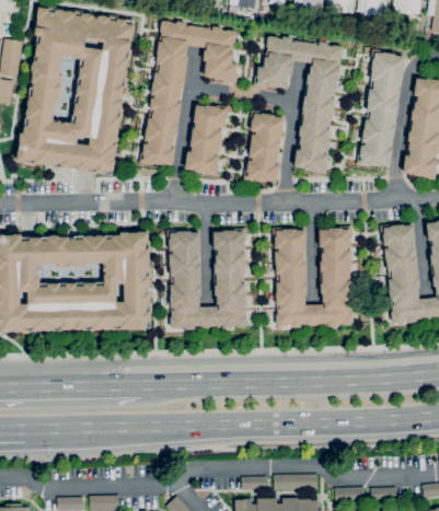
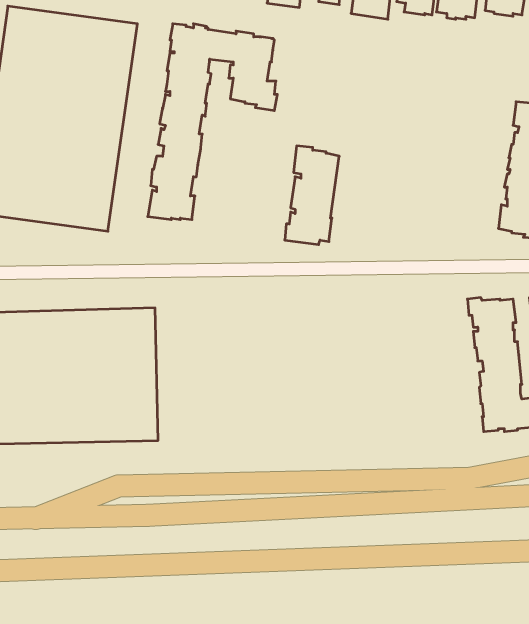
building: [254,36,343,174] -> none
building: [359,49,405,166] -> none
building: [185,105,229,176] -> none
building: [274,227,353,327] -> none
building: [169,228,247,330] -> none

